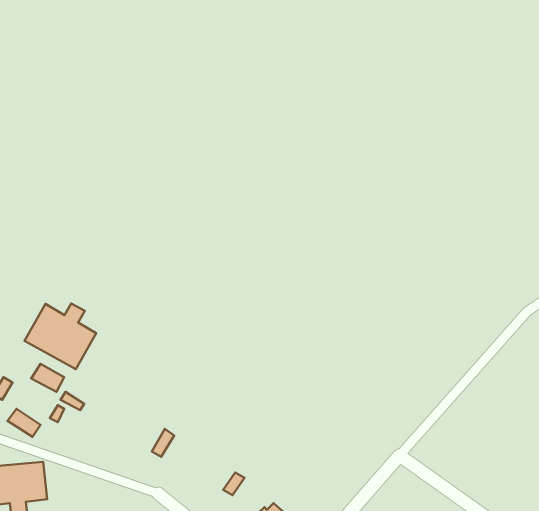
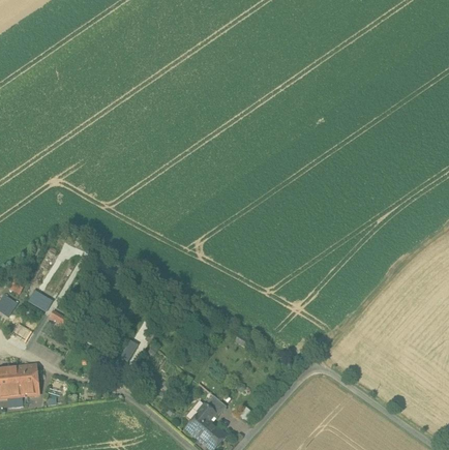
building: [24,304,96,369] -> none

